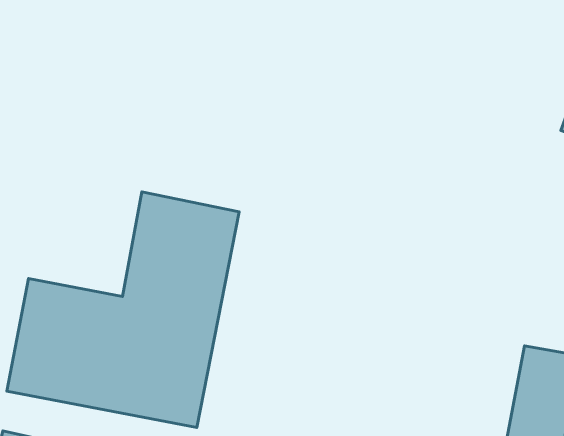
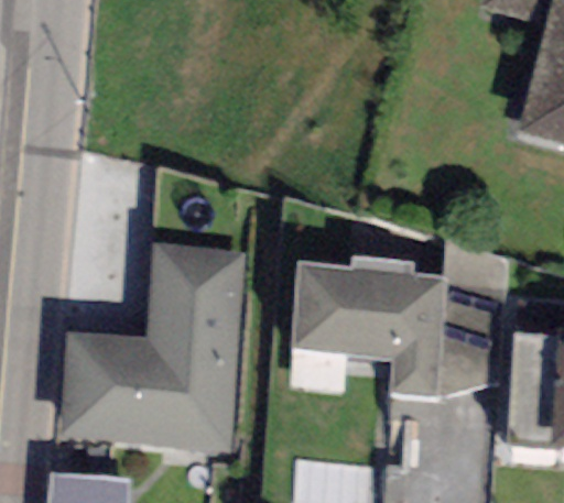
building: none -> [297,265,498,380]

